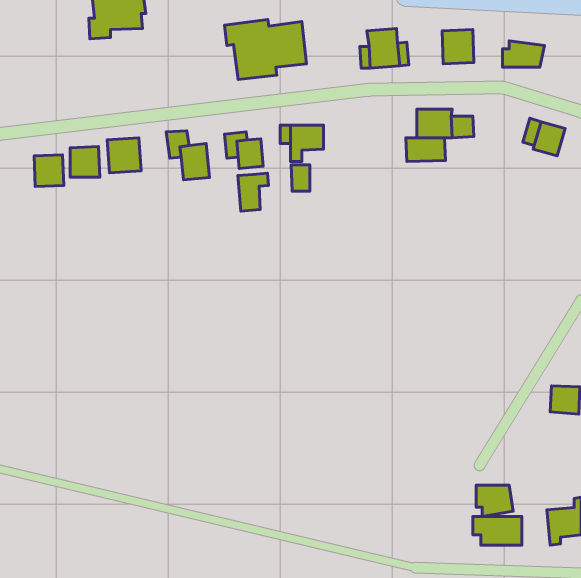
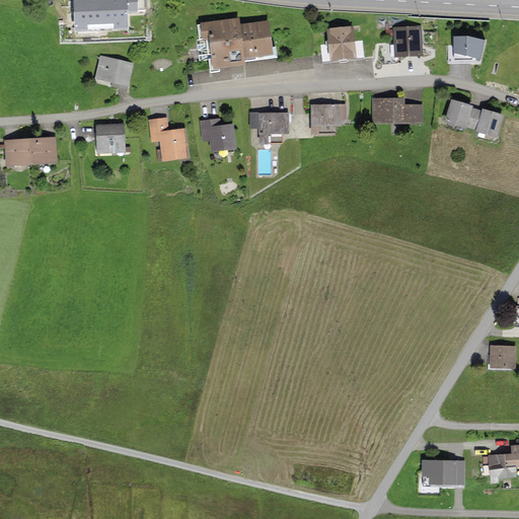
building: none -> [94,54,134,85]
building: none -> [444,99,471,129]
building: [406,138,446,162] -> [309,103,345,125]
building: [70,147,100,177] -> [5,139,31,166]
building: [291,165,310,191] -> none
building: [238,173,269,211] -> none
building: [476,485,513,517] -> none

